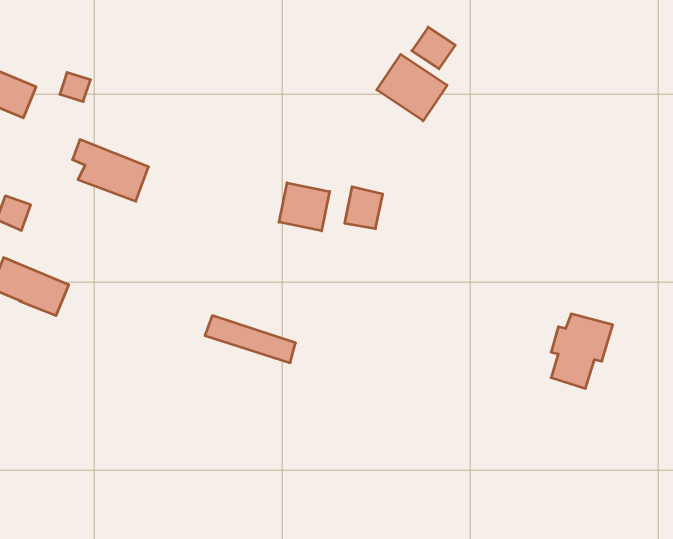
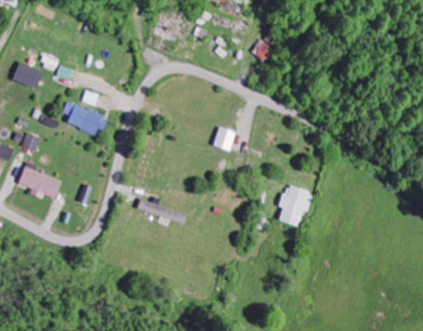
building: [377,54,447,121] -> none
building: [279,183,330,231] -> none
building: [551,314,613,388] -> [278,185,312,226]

